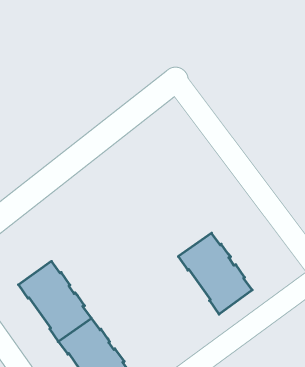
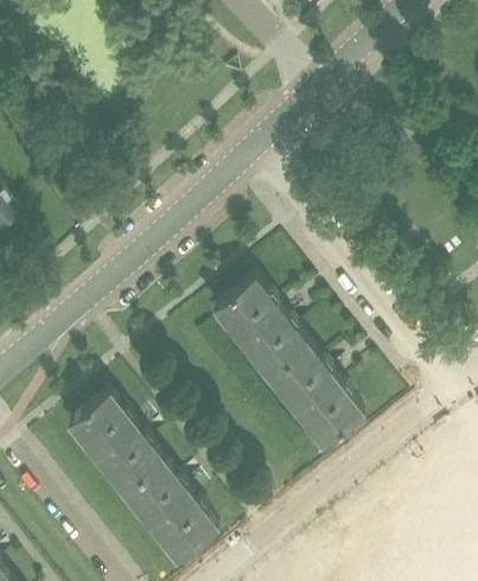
building: none -> [212,279,307,379]

